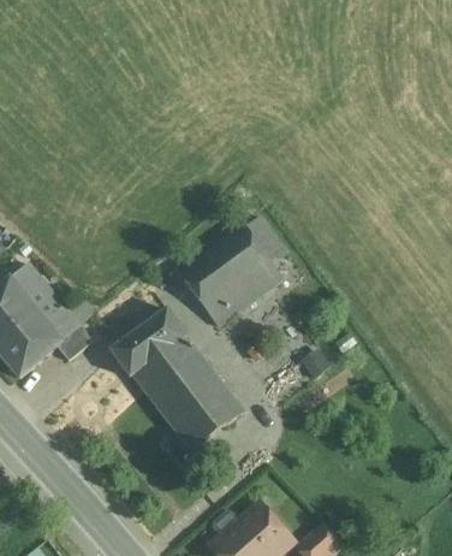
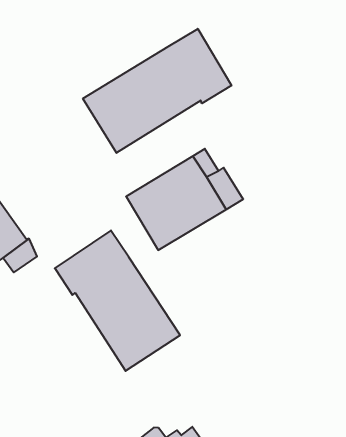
building: none -> [83,29,231,153]

